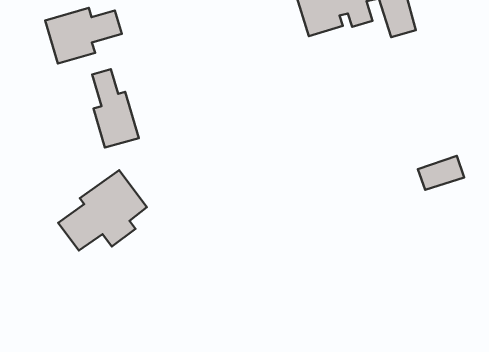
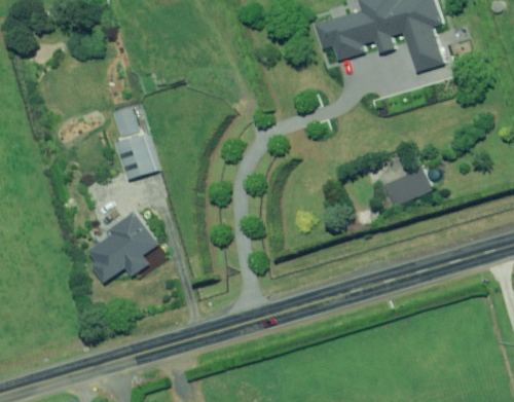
building: [45,8,122,64] -> none
building: [418,156,464,190] -> [397,168,443,202]

